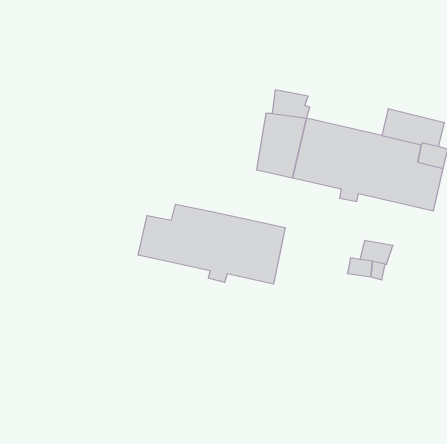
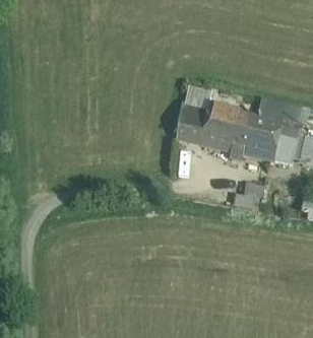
building: [138,204,285,284] -> none

